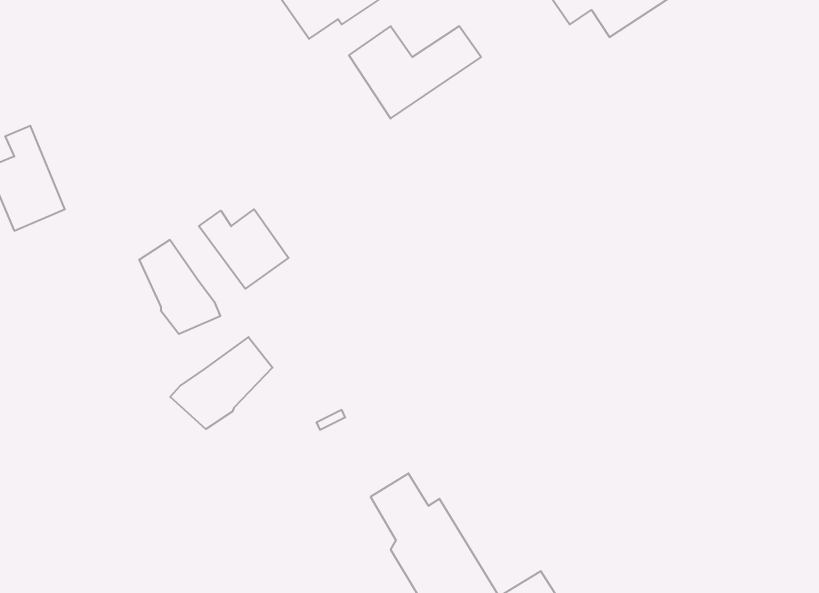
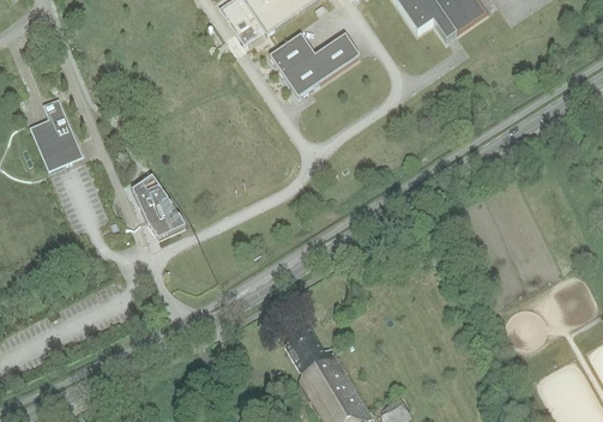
building: [199,209,289,289] -> none
building: [170,337,273,429] -> none

